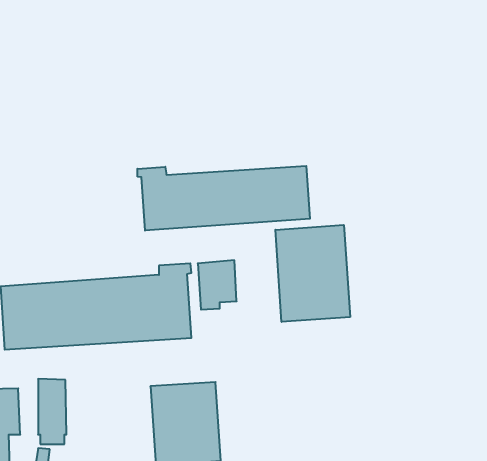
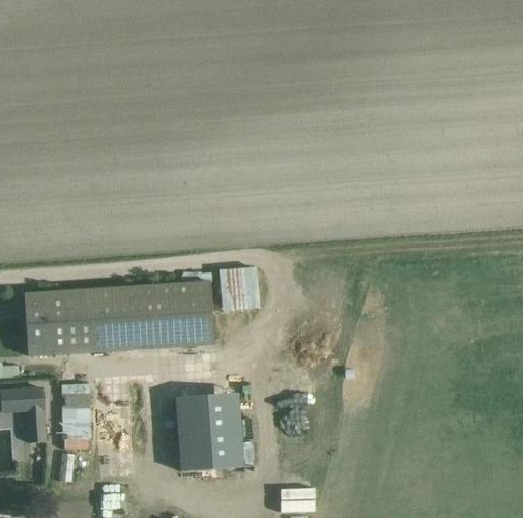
building: [137,166,310,231] -> none
building: [275,225,350,322] -> none

